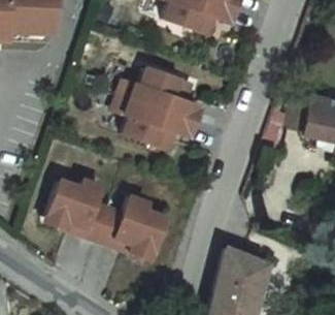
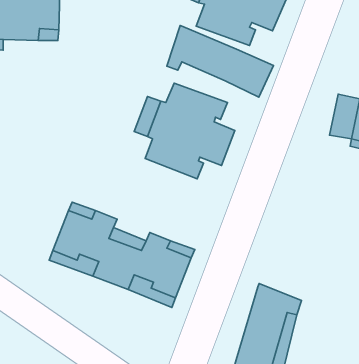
building: none -> [167,26,274,97]

